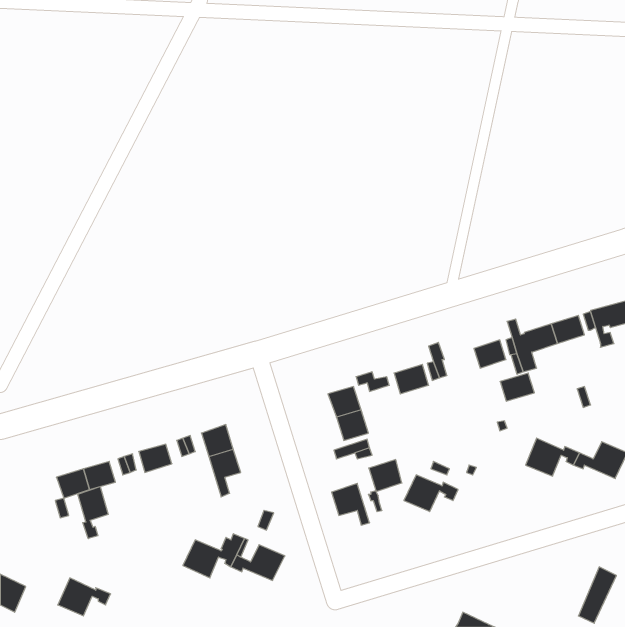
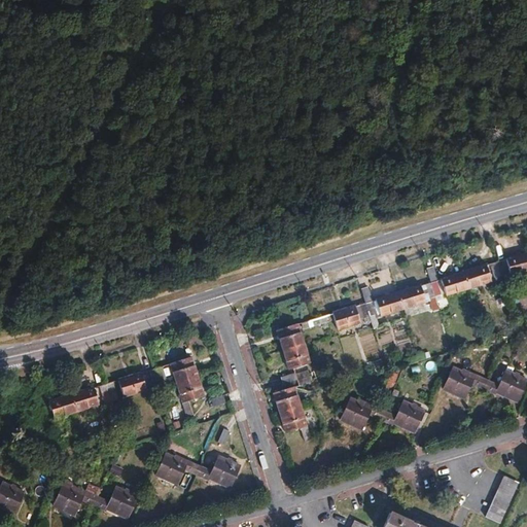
building: [500,373,534,401] -> [376,292,405,316]
building: [369,460,402,491] -> [274,386,302,413]
building: none -> [382,401,426,432]
building: [78,487,108,539] -> none
building: none -> [91,486,136,520]

